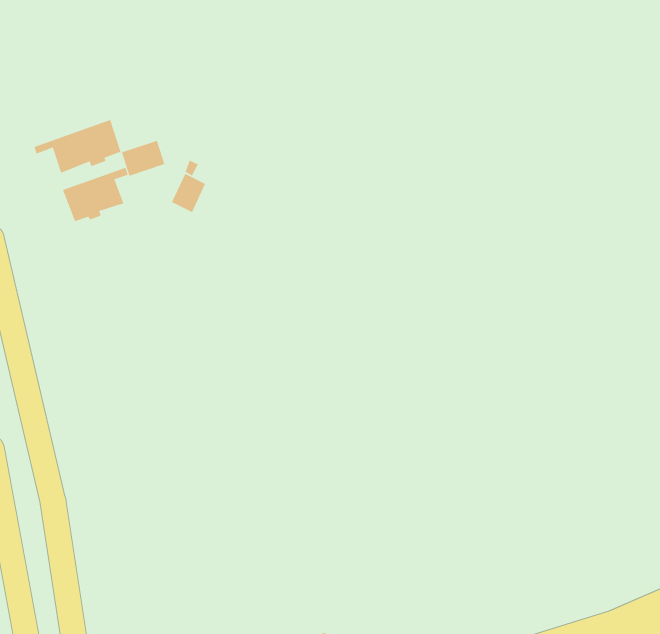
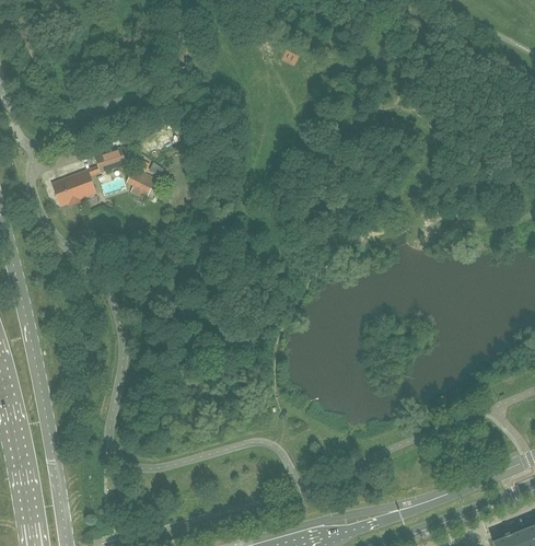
building: [34,119,121,173] -> none

